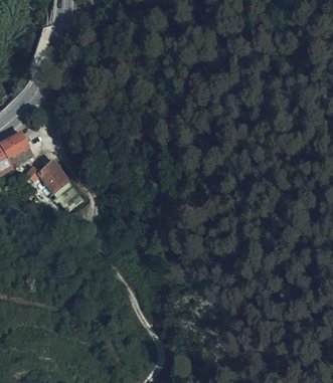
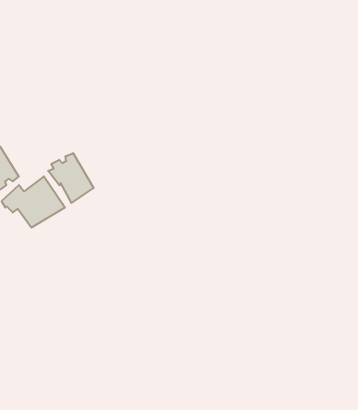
building: none -> [48,153,94,203]

